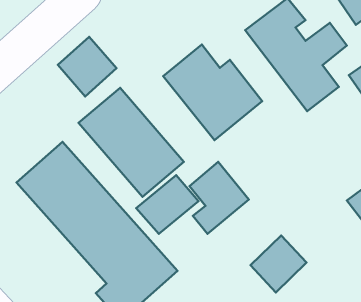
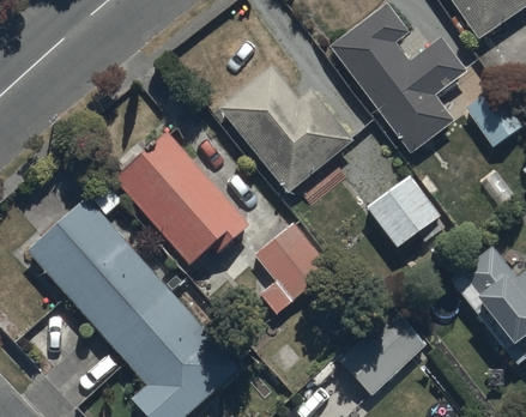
building: [58,37,117,97] -> none
building: none -> [364,169,447,248]
building: [136,175,199,234] -> none

